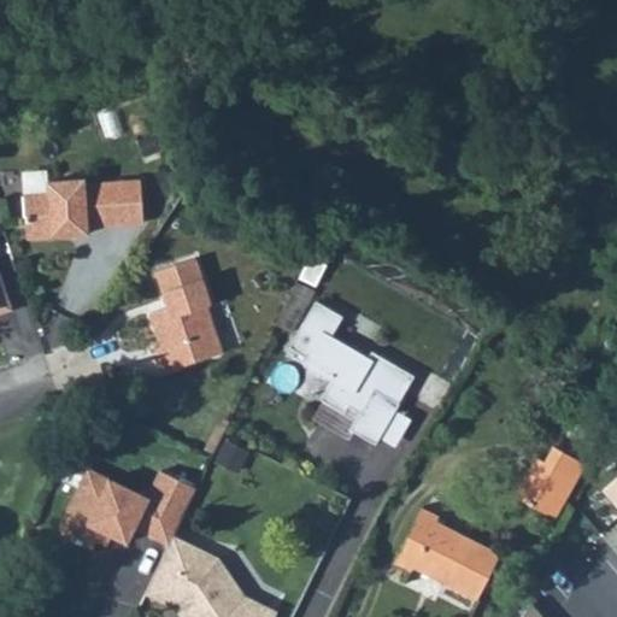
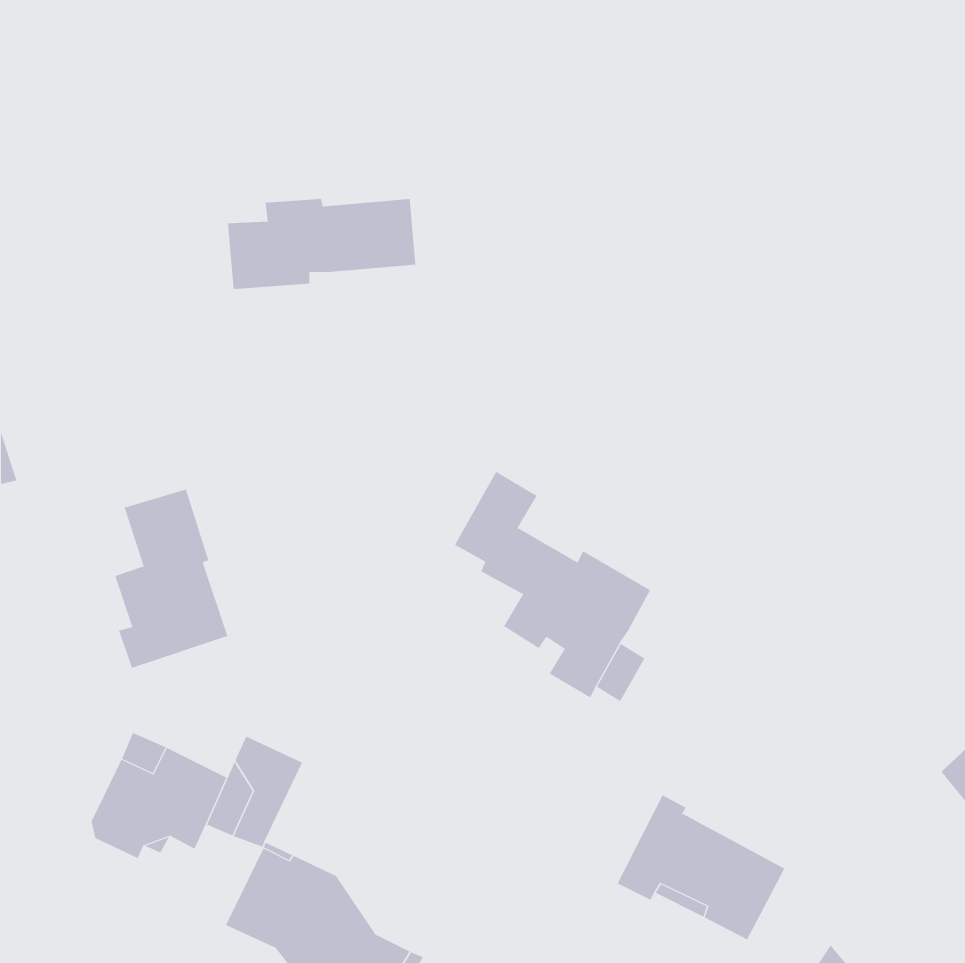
building: [24,178,145,236] -> [227,199,416,289]
building: [148,258,221,372] -> [114,489,228,668]
building: [517,447,588,521] -> none

